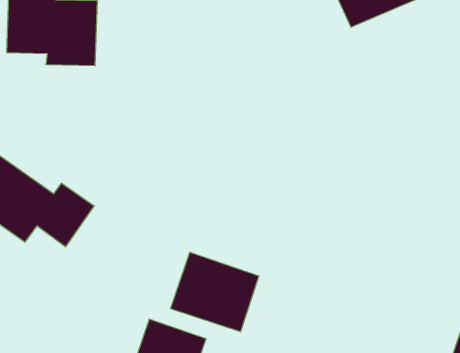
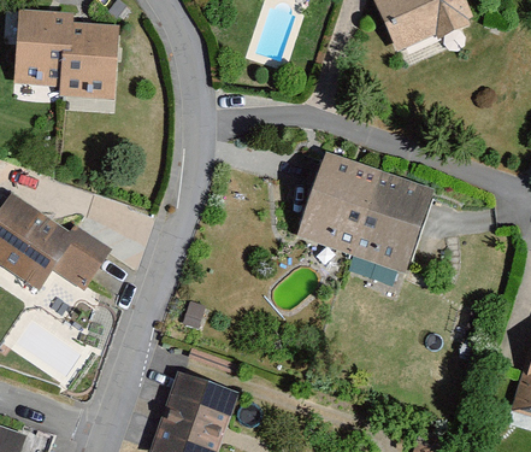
building: none -> [295,154,435,272]
building: [171,252,259,332] -> none

